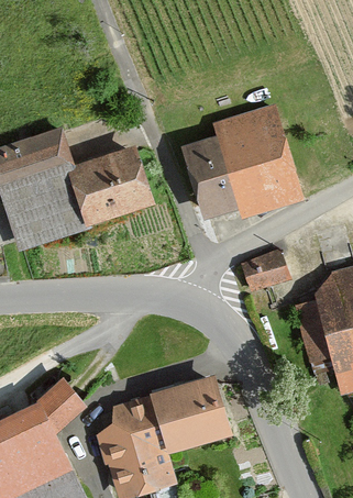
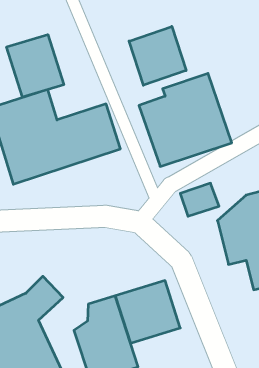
building: none -> [129,26,186,85]
building: none -> [7,35,64,97]

